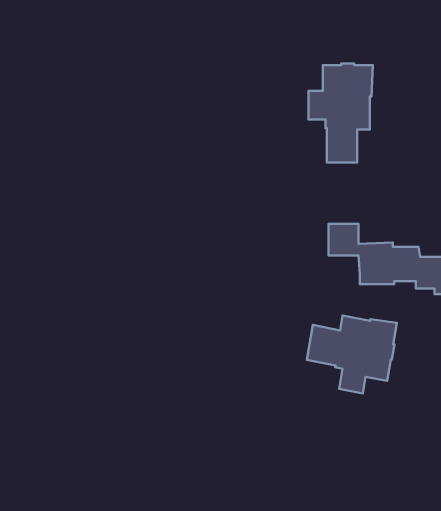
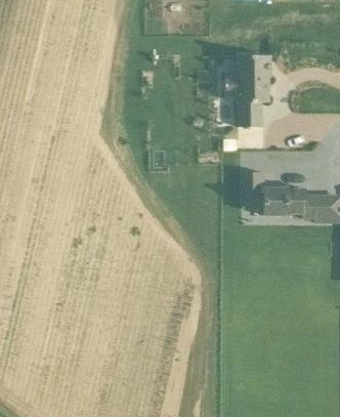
building: [307,315,397,393] -> none

